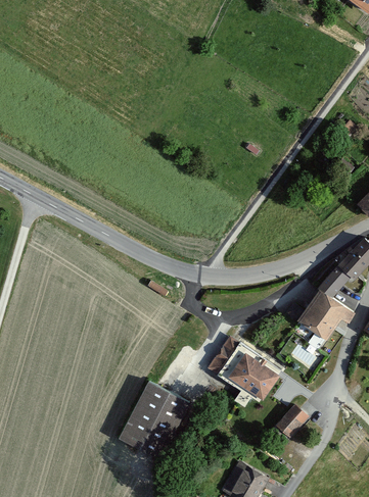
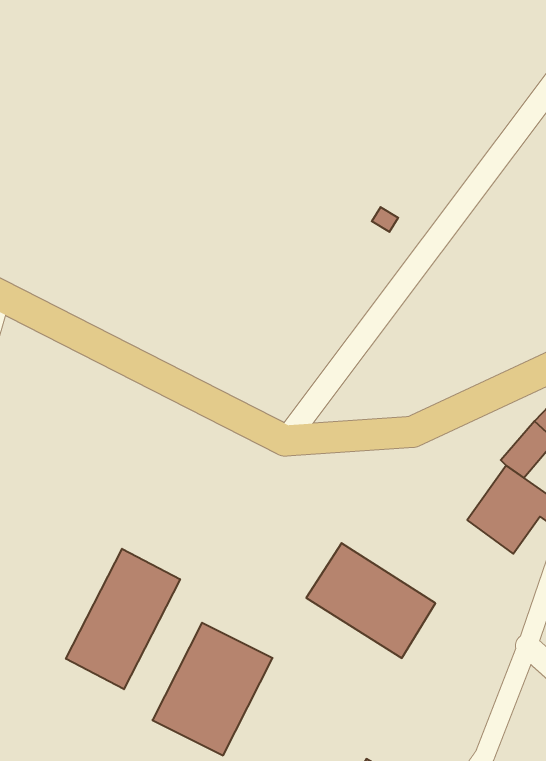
building: none -> [66,549,180,689]
building: [273,403,311,441] -> none

